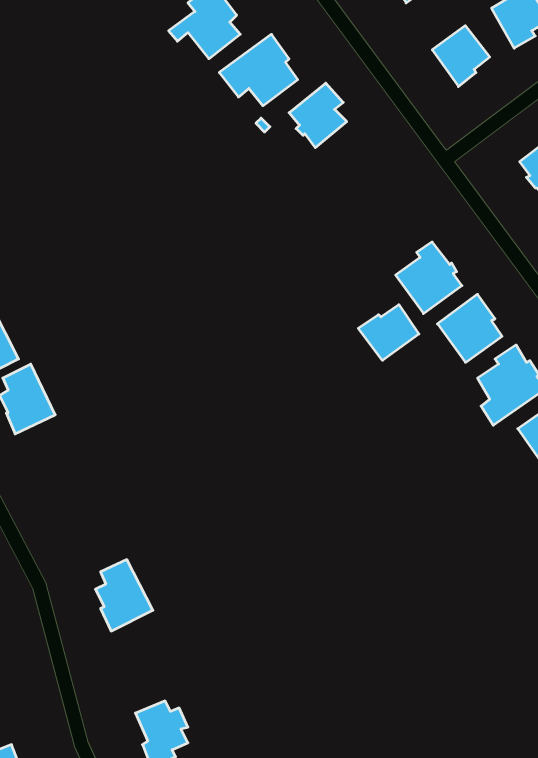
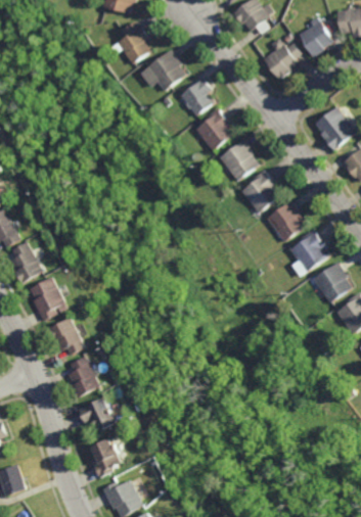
building: none -> [196,107,236,150]
building: none -> [220,139,259,180]
building: [358,305,419,360] -> none
building: none -> [29,277,66,321]
building: none -> [47,318,84,355]
building: none -> [78,396,117,431]

